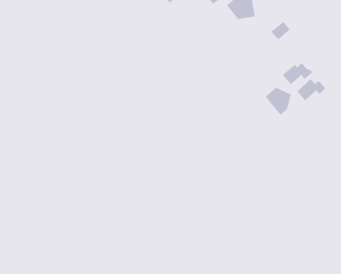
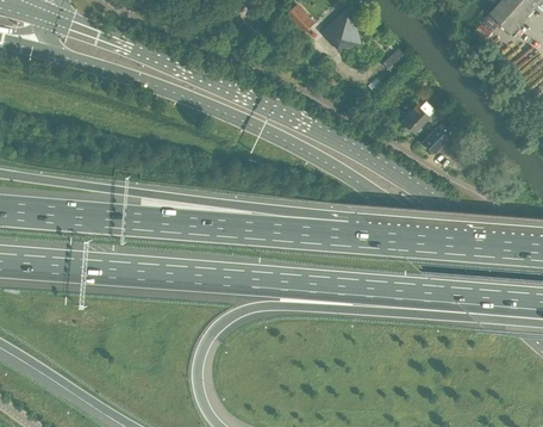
building: [265,87,291,116] -> none

